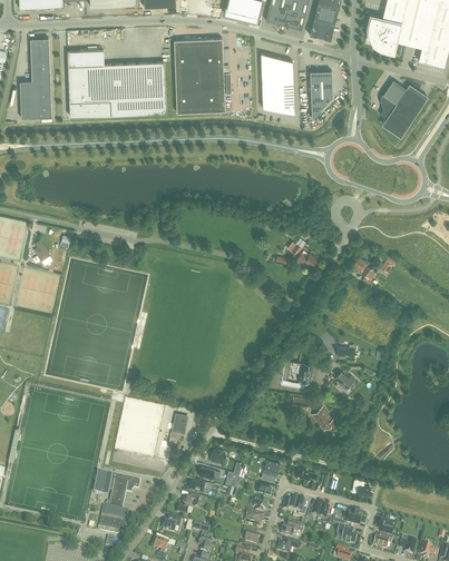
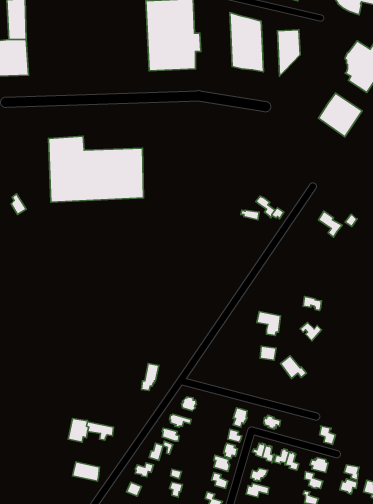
building: [67,49,165,117] -> [49,136,143,202]
building: none -> [319,93,362,137]
building: [100,484,127,519] -> none

